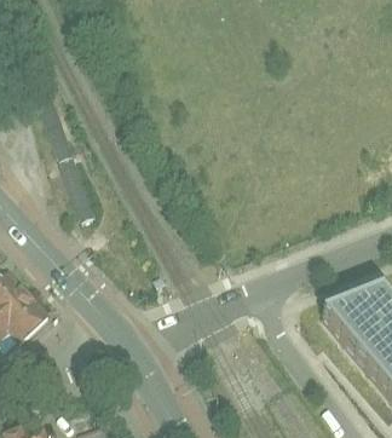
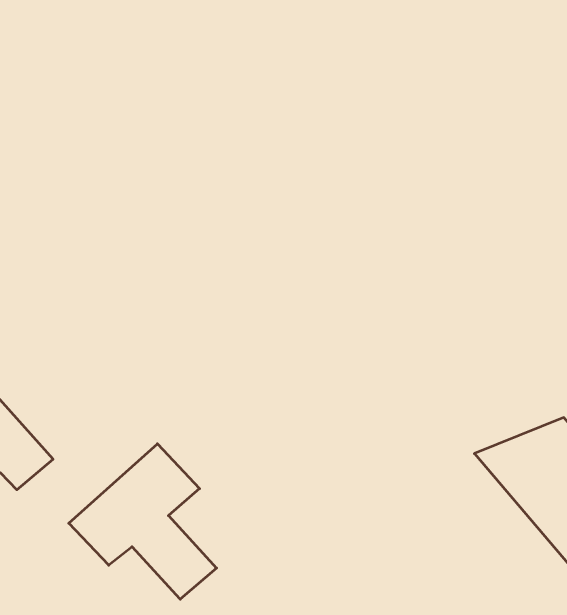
building: none -> [69,444,217,599]

